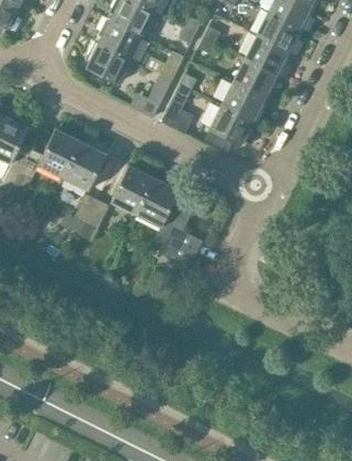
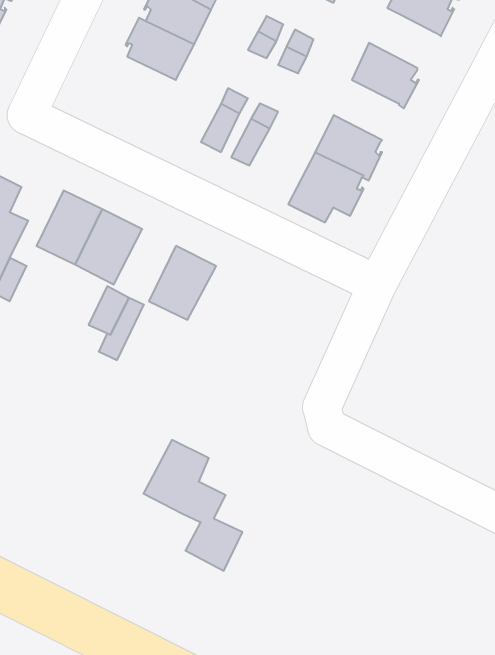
building: [256,11,299,53] -> none
building: [84,41,129,83] -> none
building: [232,58,276,100] -> none
building: [137,180,202,265] -> [143,440,242,571]

